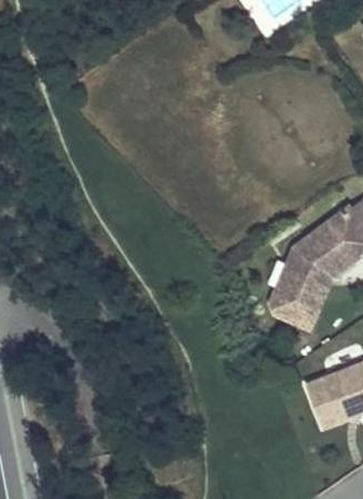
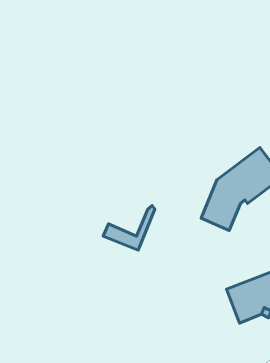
building: [267,272,332,328] -> [103,206,155,250]

